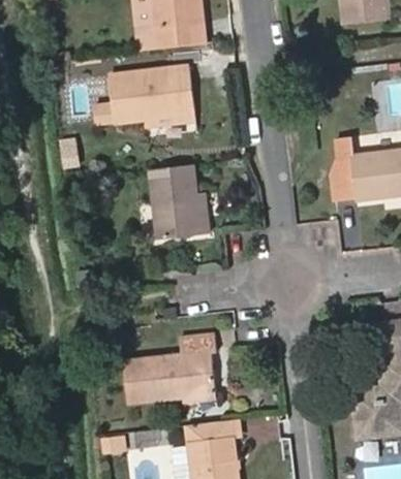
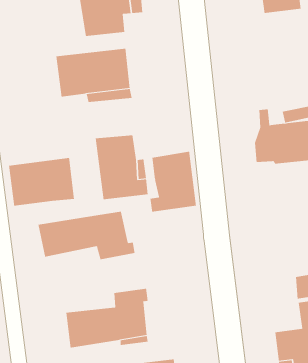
building: none -> [150,151,197,213]
building: none -> [8,157,74,206]
building: none -> [38,211,135,260]

